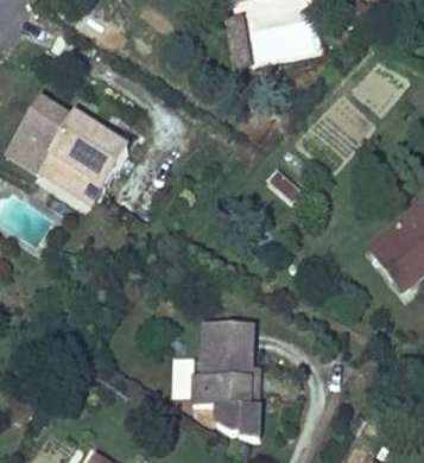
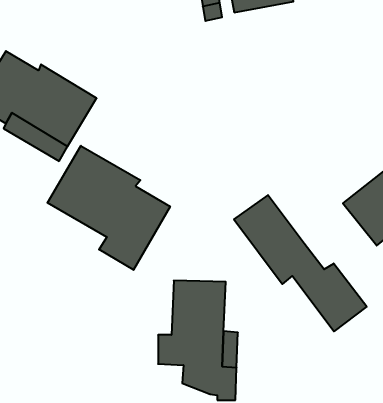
building: none -> [47,146,170,270]
building: none -> [234,195,367,331]

